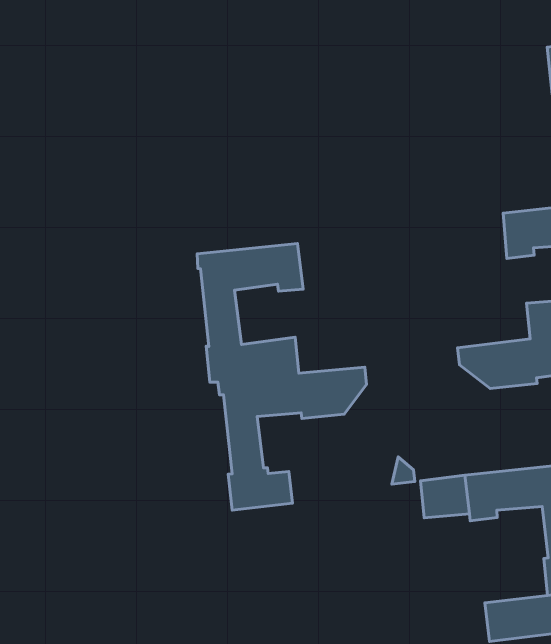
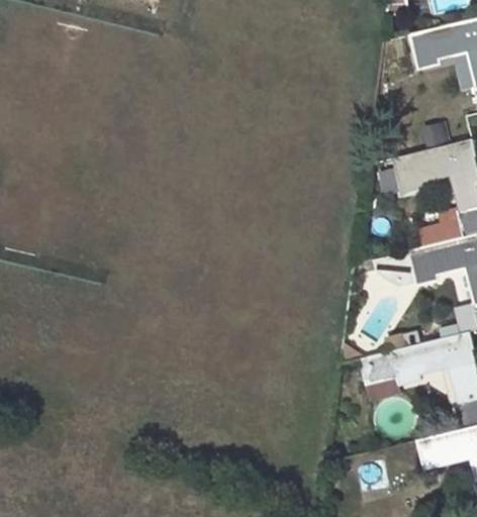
building: [197,243,367,510] -> none

